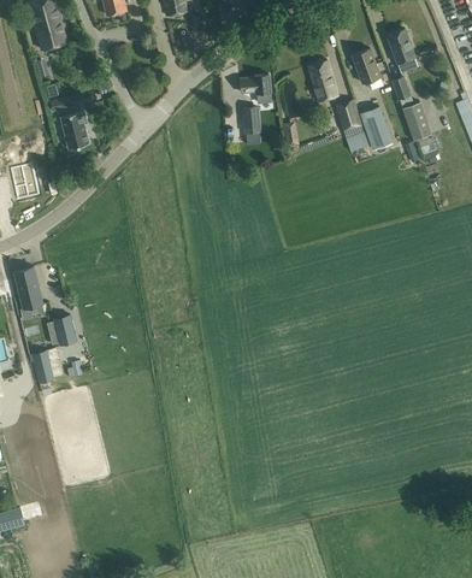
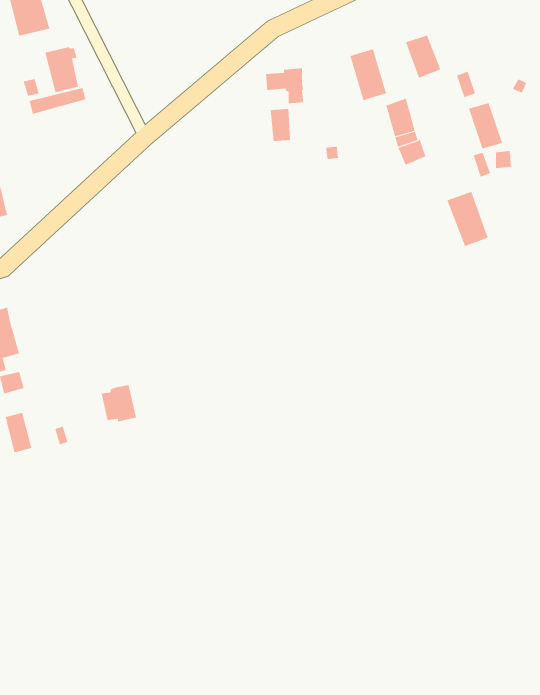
building: [387,28,415,64] -> none
building: [359,106,393,151] -> [446,191,488,247]
building: [60,113,88,151] -> [44,46,79,93]
building: [47,315,76,346] -> [101,385,137,422]

